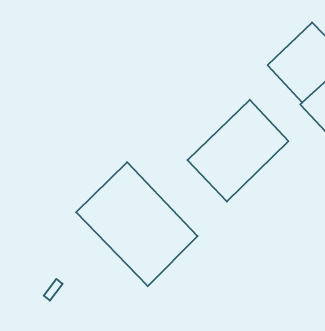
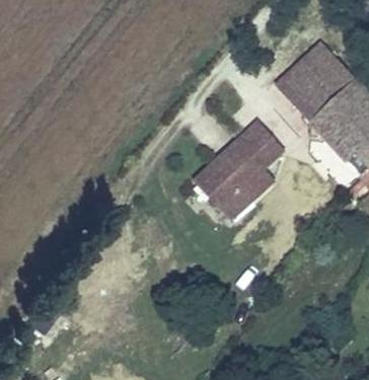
building: [76,162,198,286] -> none

